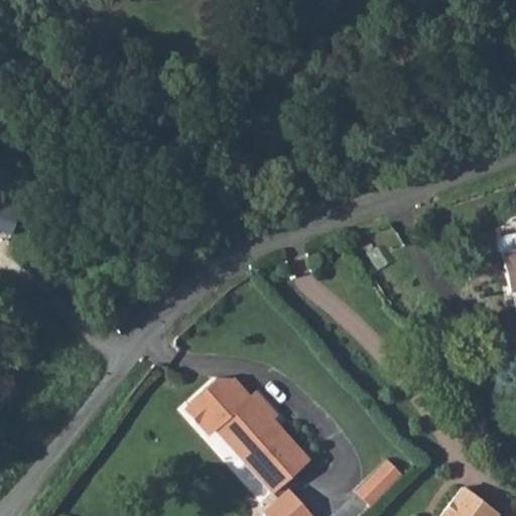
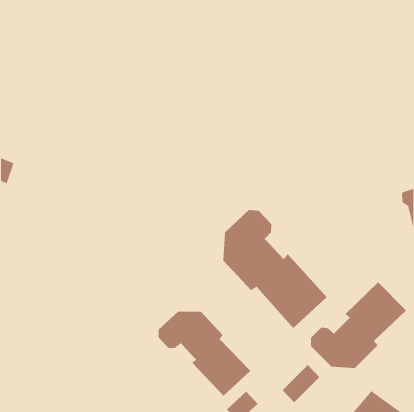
building: none -> [223,209,327,329]
building: none -> [310,281,407,369]

